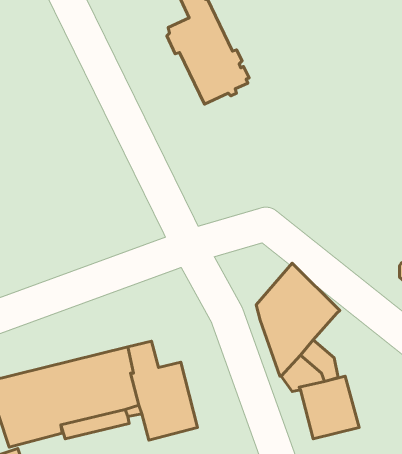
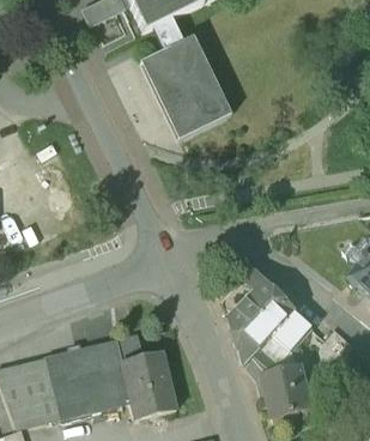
building: none -> [275,312,314,350]

